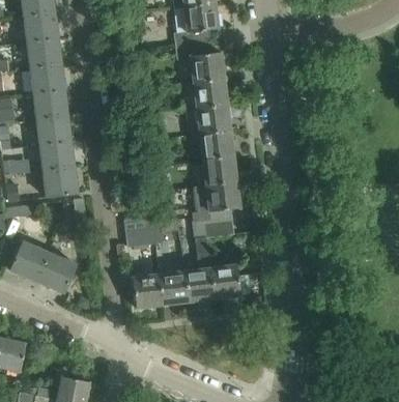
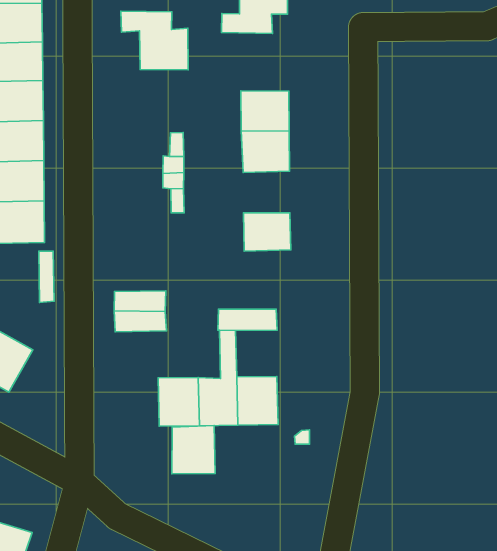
building: [176,42,224,82] -> [121,11,188,70]
building: [200,131,233,161] -> none
building: [192,181,239,225] -> none
building: [133,274,164,308] -> [172,425,215,474]

